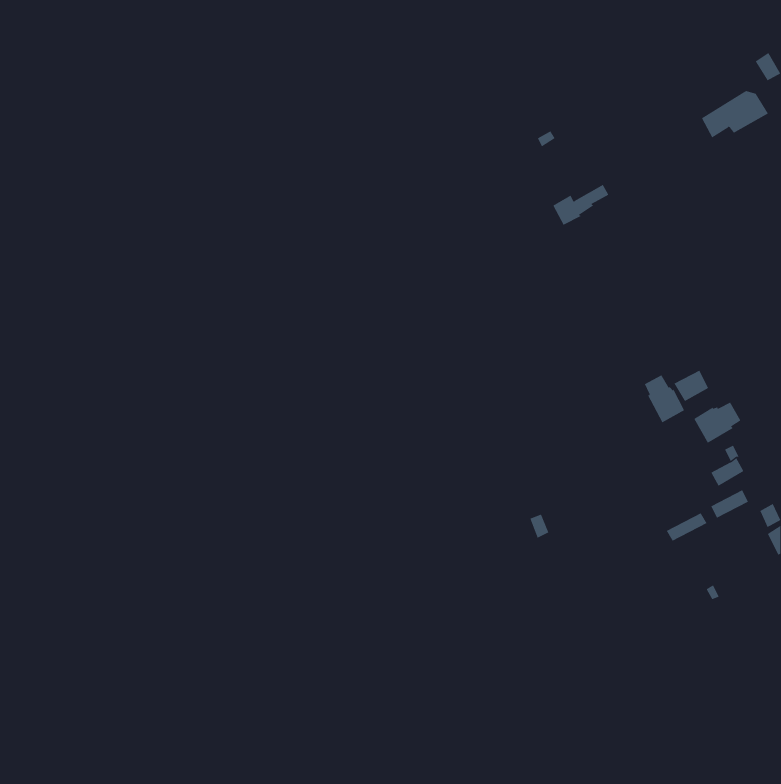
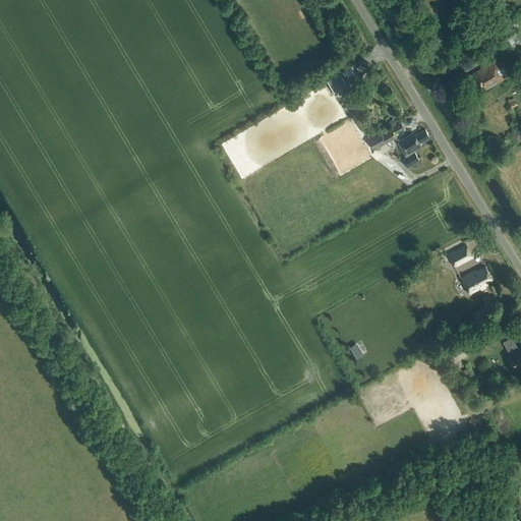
building: none -> [396,129,428,167]
building: [644,375,685,423] -> none

